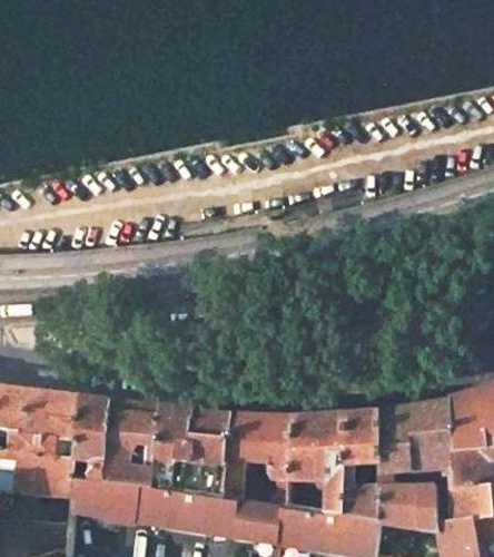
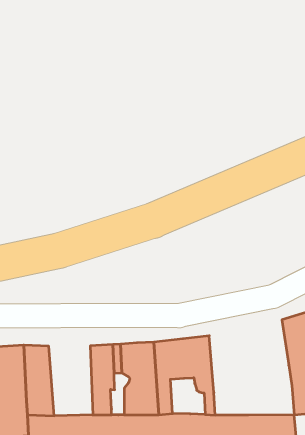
building: [108,400,160,485] -> none
building: [292,410,381,519] -> none

